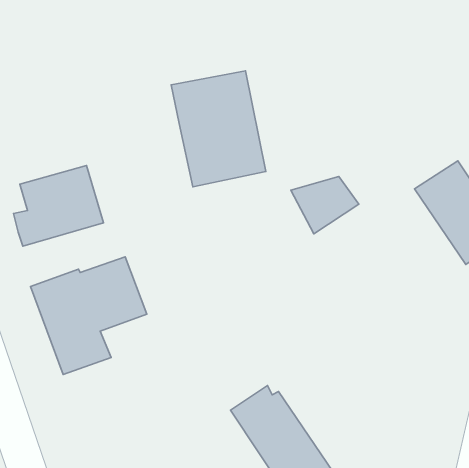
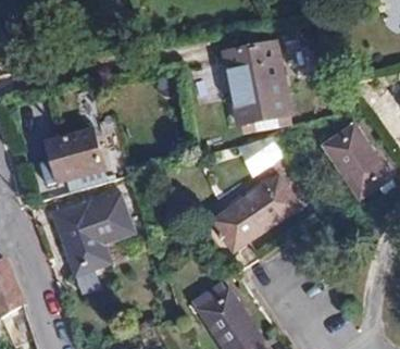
building: [171,71,266,187] -> [223,42,289,124]
building: none -> [212,175,299,250]

